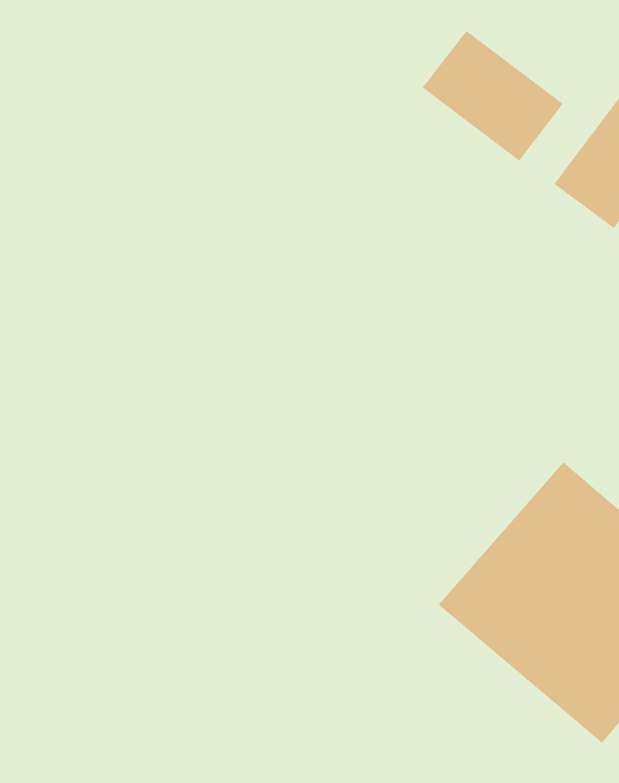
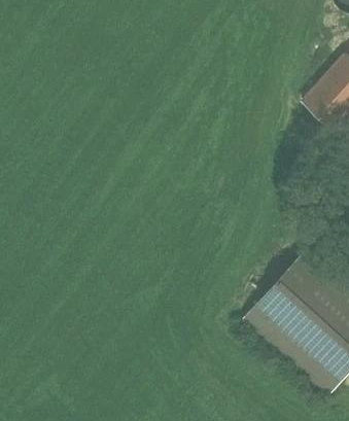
building: [422,30,564,161] -> none

